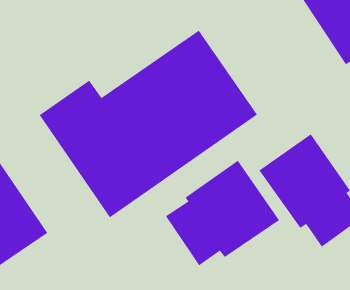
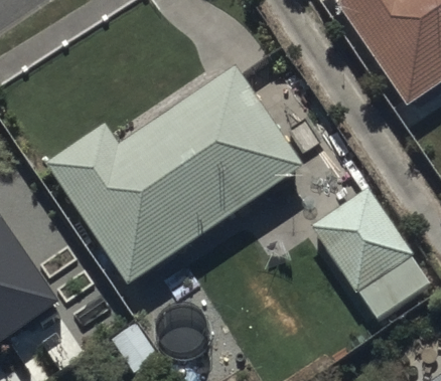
building: [165,160,280,266] -> none

